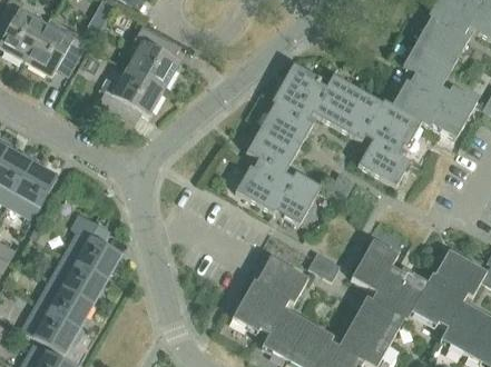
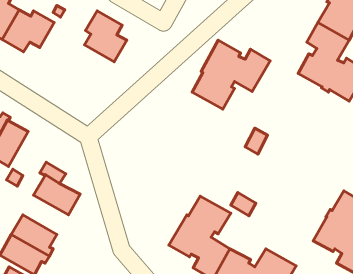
building: [91,68,164,137] -> none
building: [335,88,422,186] -> none
building: [235,127,321,224] -> none
building: [351,239,428,343] -> none
building: [50,255,111,304] -> none

